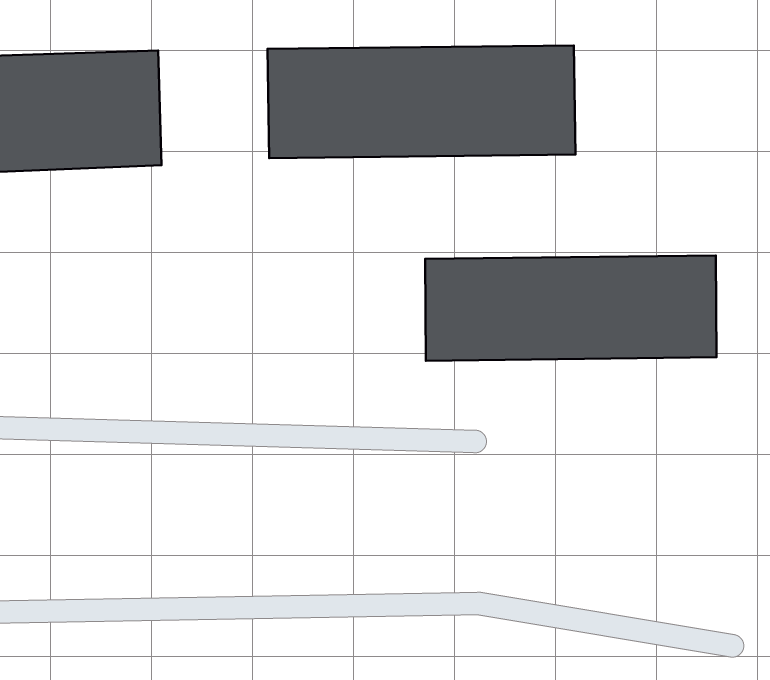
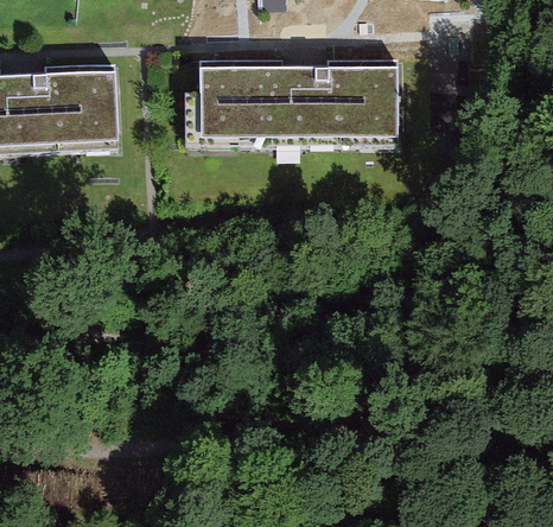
building: [425,256,716,361] -> none

